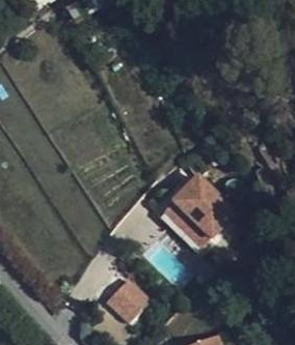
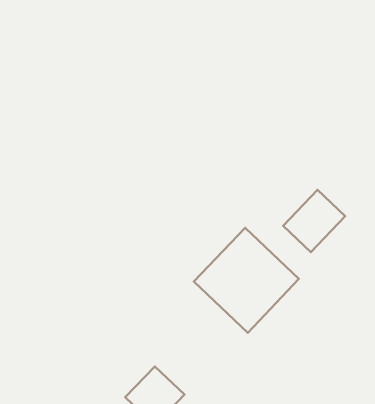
building: none -> [283,190,345,252]

